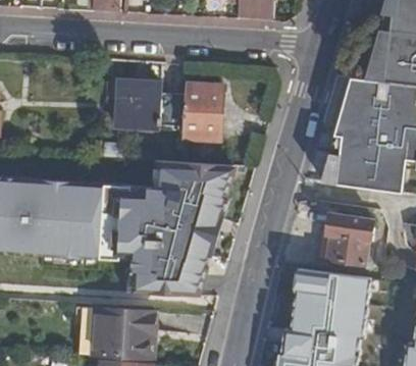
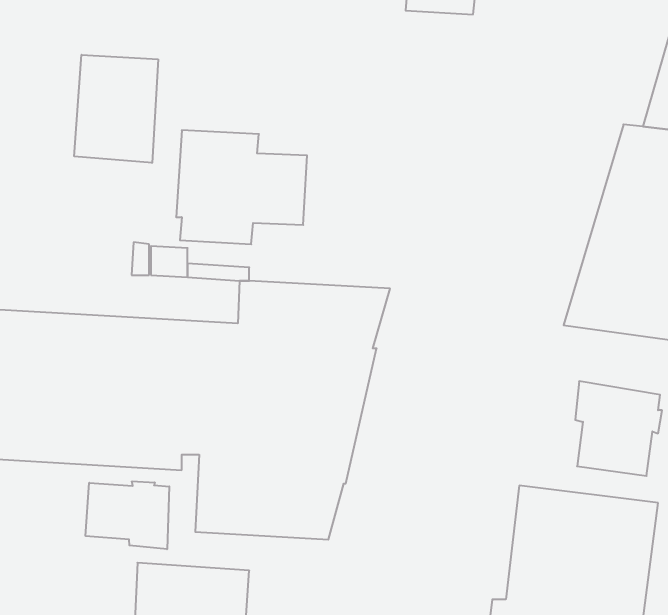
building: none -> [74,55,158,163]
building: [183,85,223,140] -> none
building: none -> [86,481,169,549]

